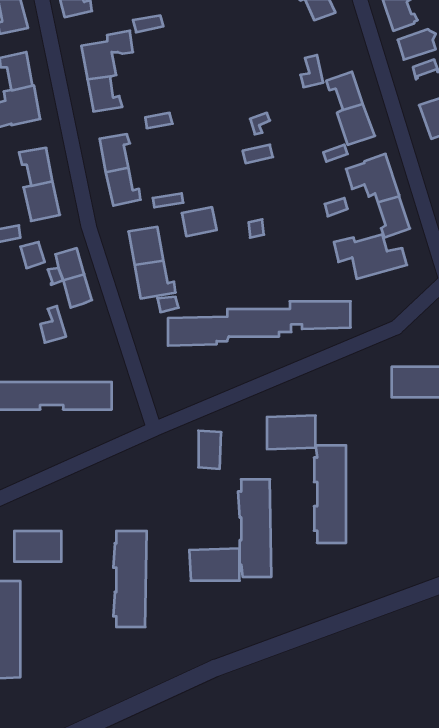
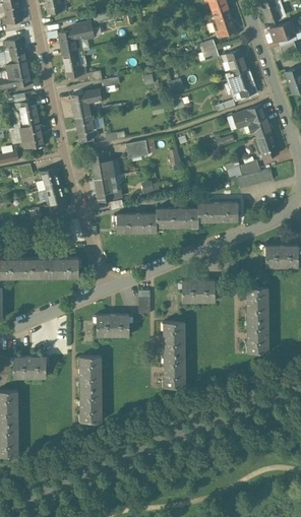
building: none -> [214,10,235,38]
building: [314,445,346,543] -> [246,287,267,352]
building: [189,549,240,581] -> [96,314,129,335]

